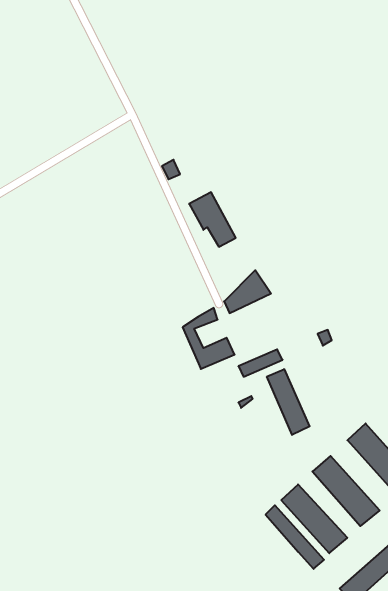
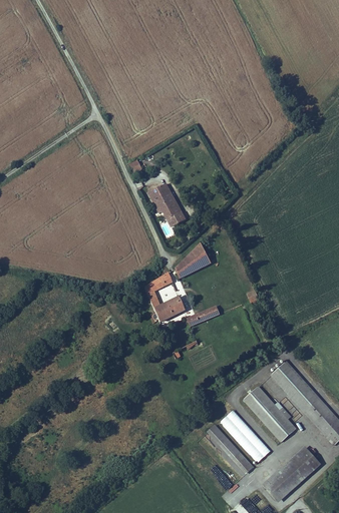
building: [267,369,310,435] -> none

